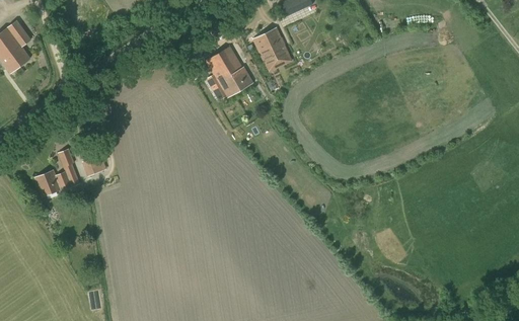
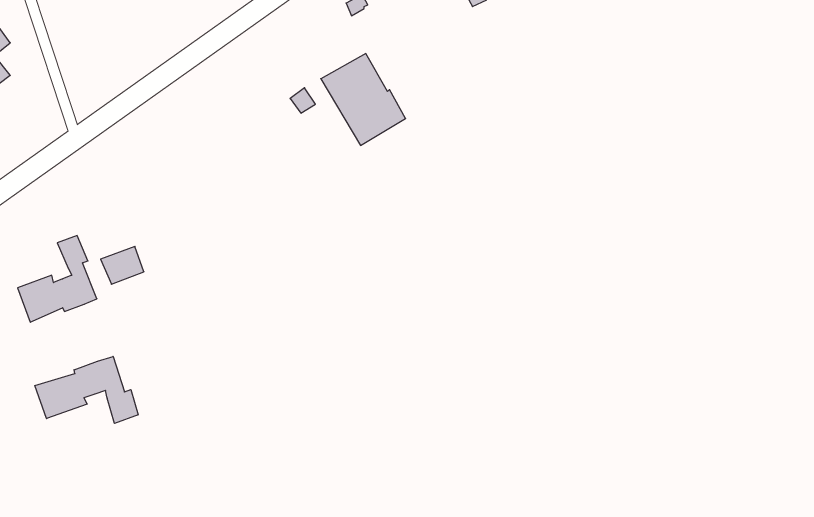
building: [252,27,291,71] -> none
building: none -> [35,356,138,423]

